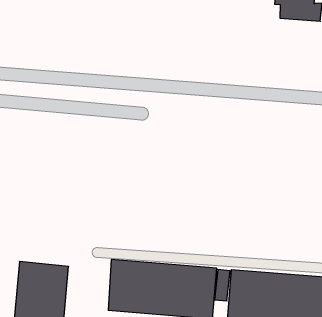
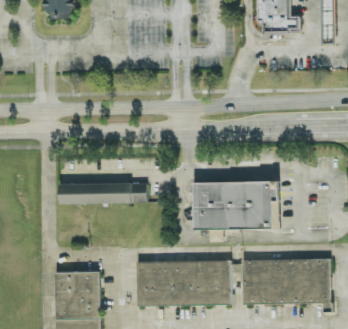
building: none -> [59,182,148,204]
building: none -> [193,181,279,229]

